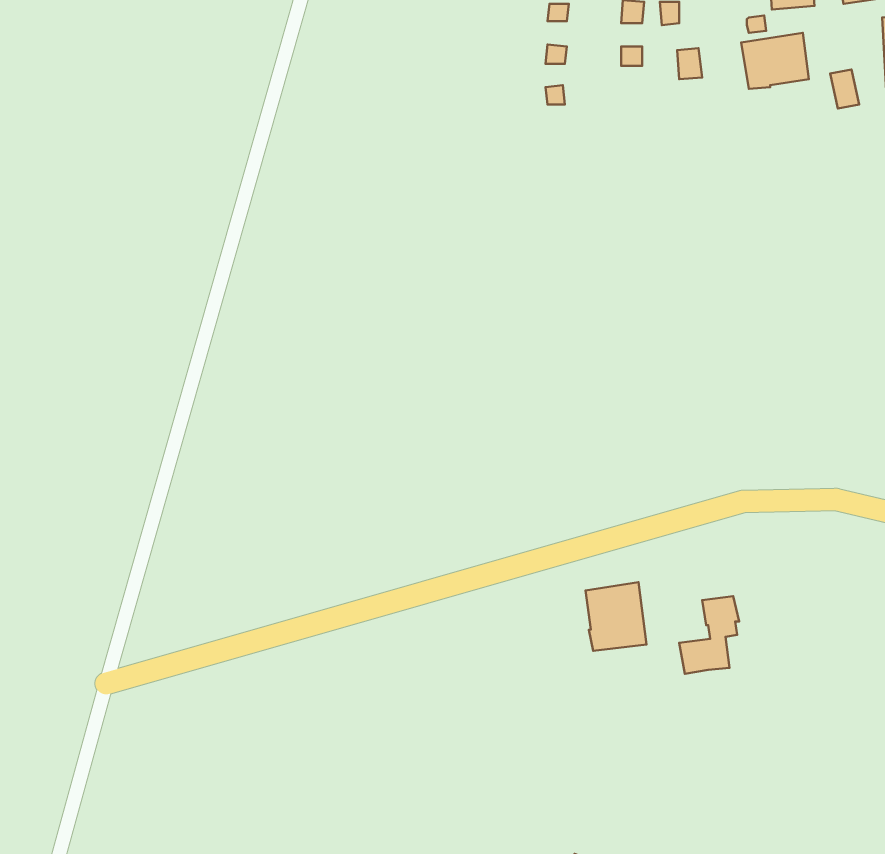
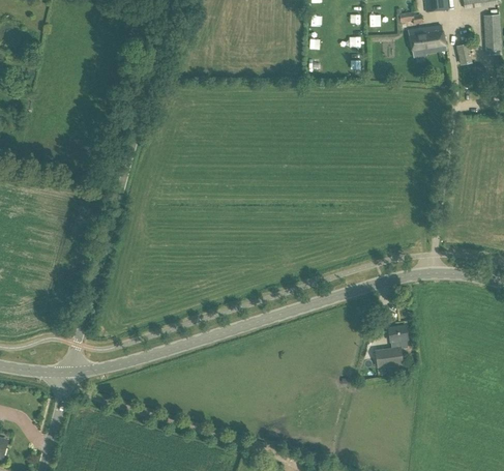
building: [585,582,646,651] -> none

